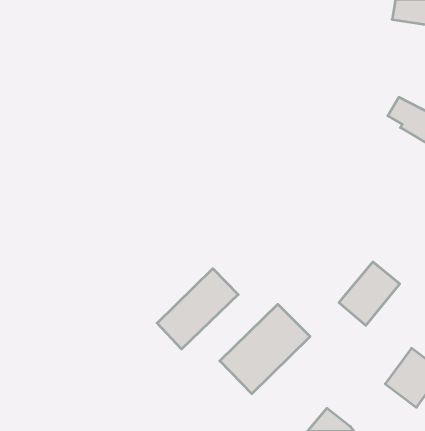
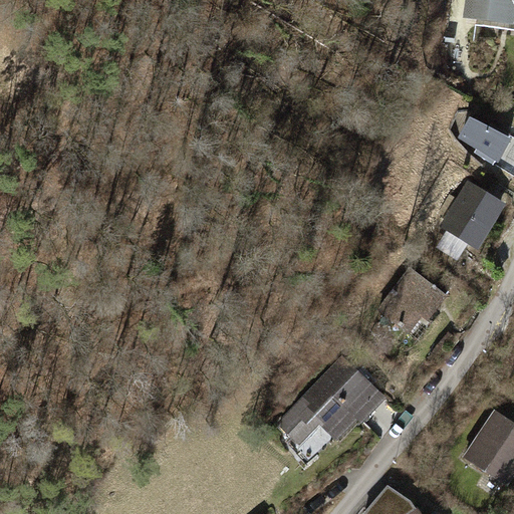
building: none -> [444,179,506,249]
building: [339,262,400,325] -> [366,271,439,346]
building: [157,269,238,349] -> none

